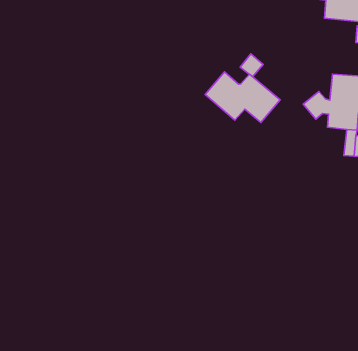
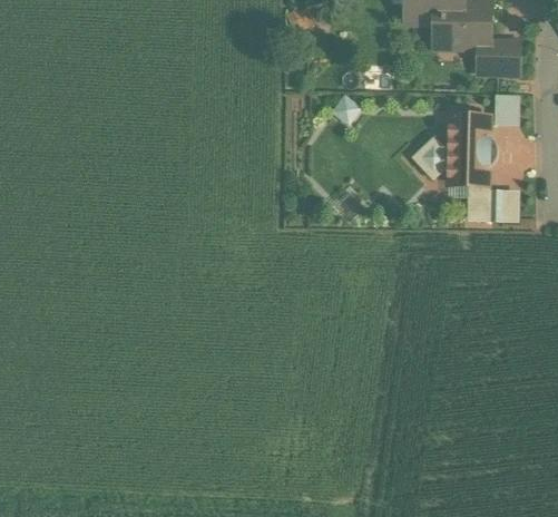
building: [205,72,280,122] -> none

